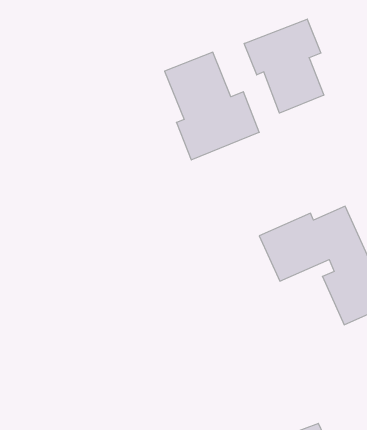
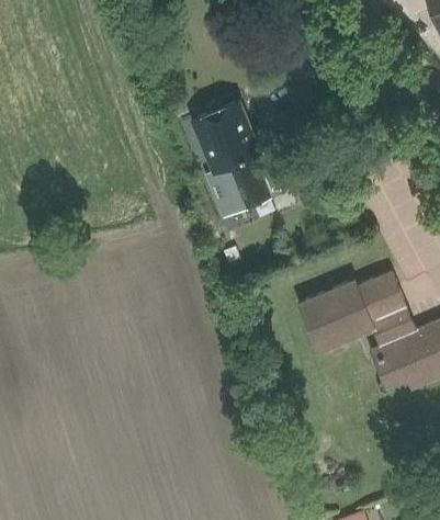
building: [244,19,324,113] -> none

